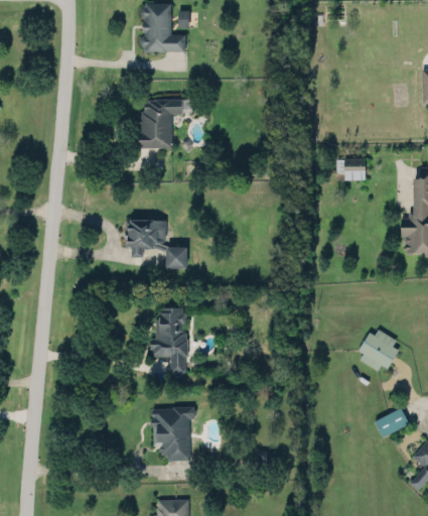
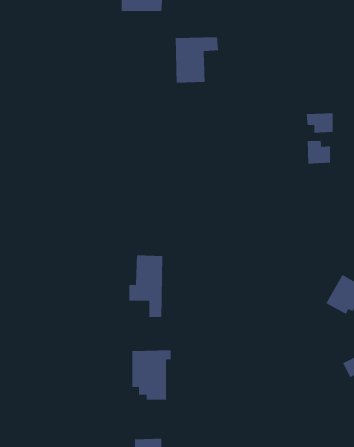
building: [140,99,186,148] -> [175,37,219,84]
building: none -> [307,140,331,164]
building: [127,219,188,268] -> none

